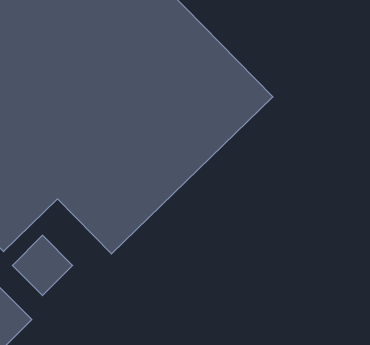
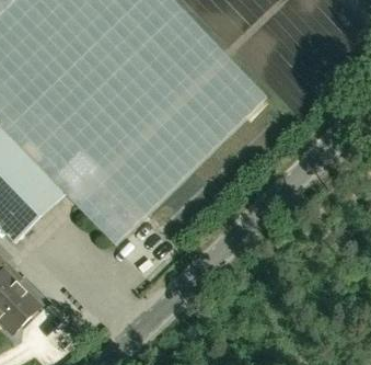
building: [12,235,73,296] -> none

